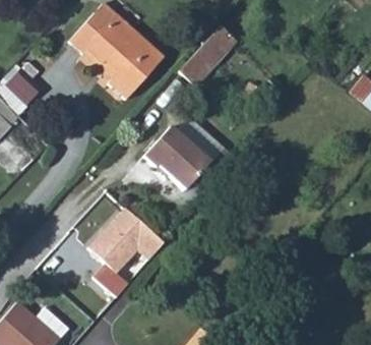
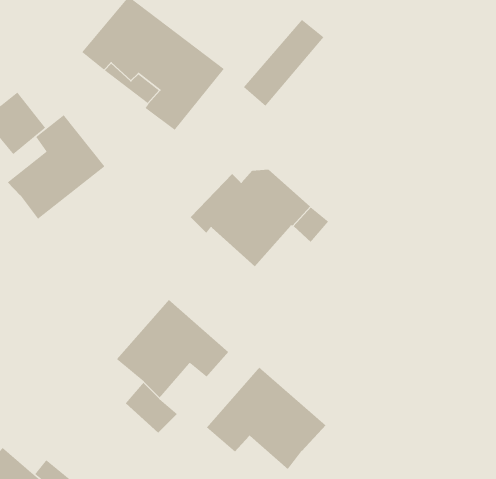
building: none -> [7,114,105,220]
building: none -> [206,366,326,470]

